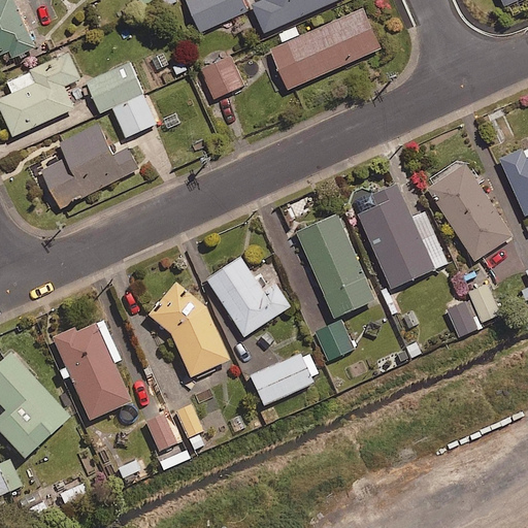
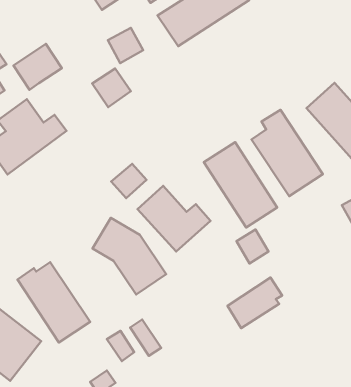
building: [114,94,159,138] -> [92,69,131,107]
building: none -> [111,164,146,198]
building: [251,353,318,407] -> [227,277,282,328]

